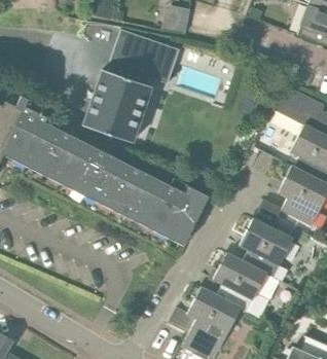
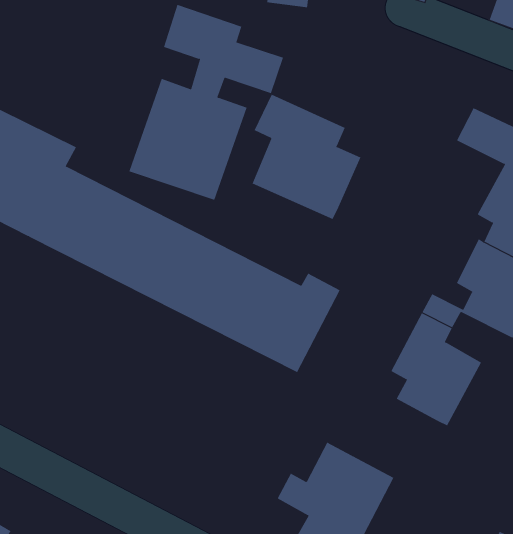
building: none -> [252,94,361,220]
building: [212,253,266,312] -> none

